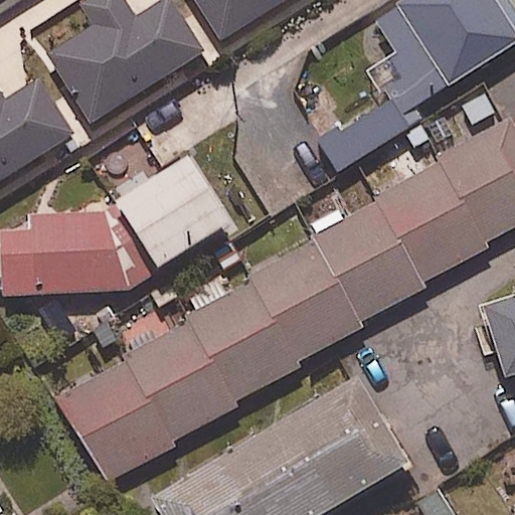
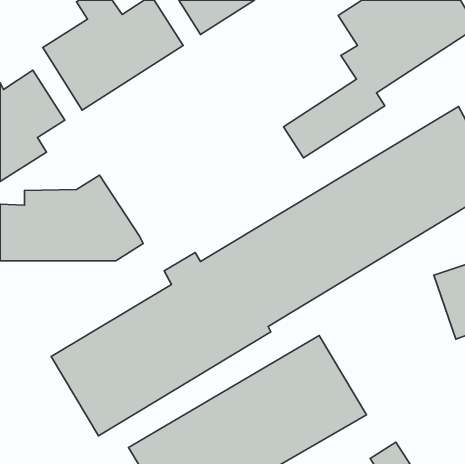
building: [111,152,222,263] -> none

